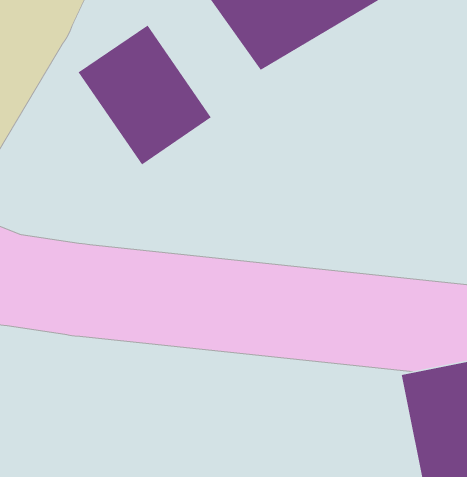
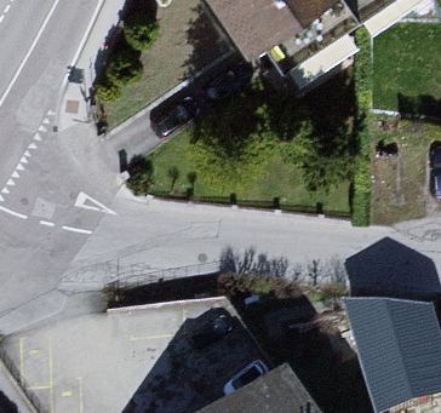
building: [78,24,212,165] -> none

